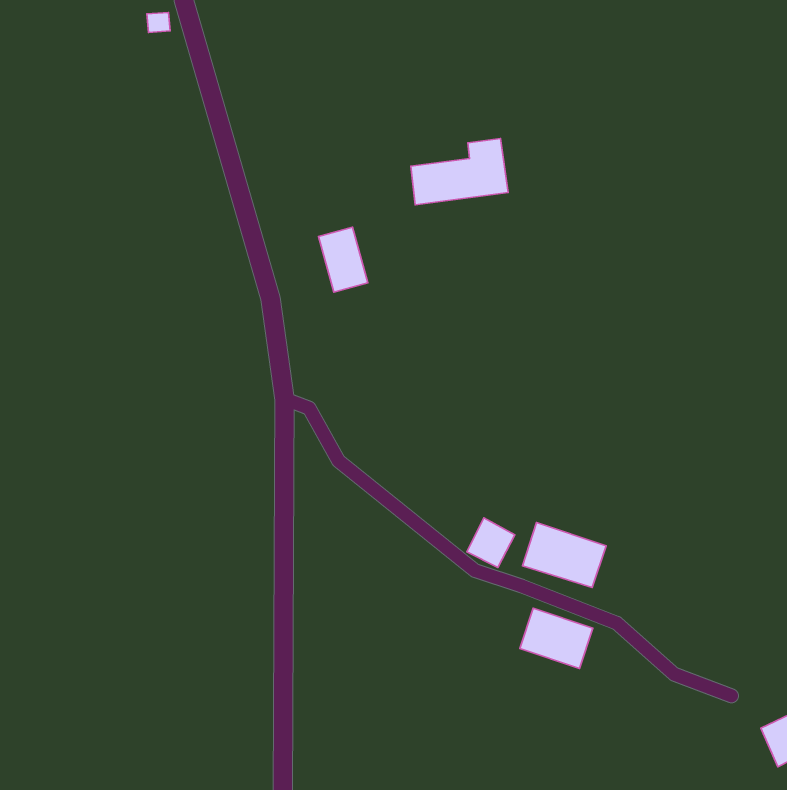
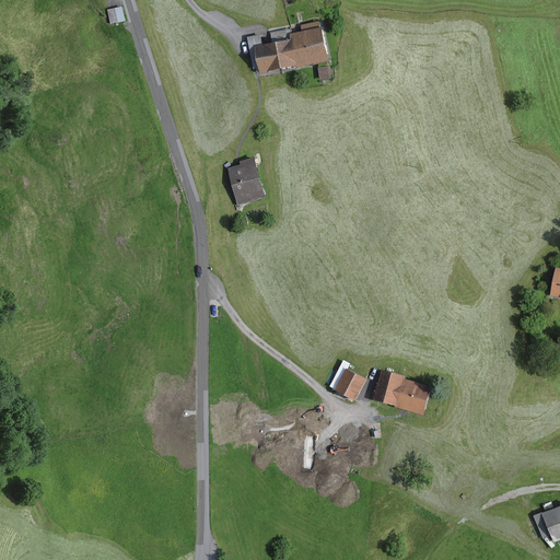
building: [411,138,508,205] -> [255,22,324,69]
building: [520,608,593,668] -> none

